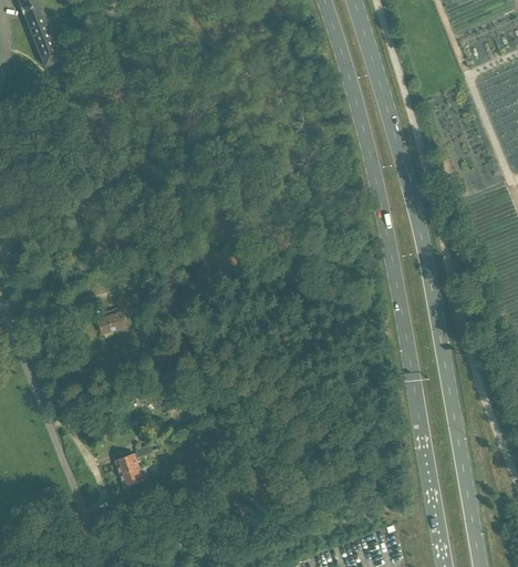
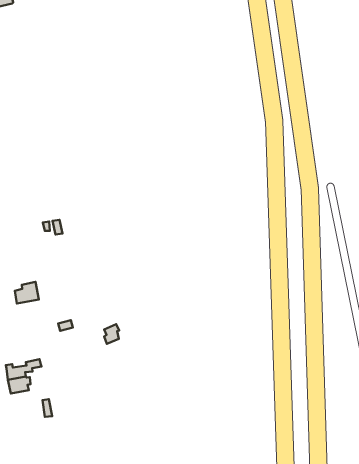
building: [97,307,125,333] -> [15,282,39,303]

